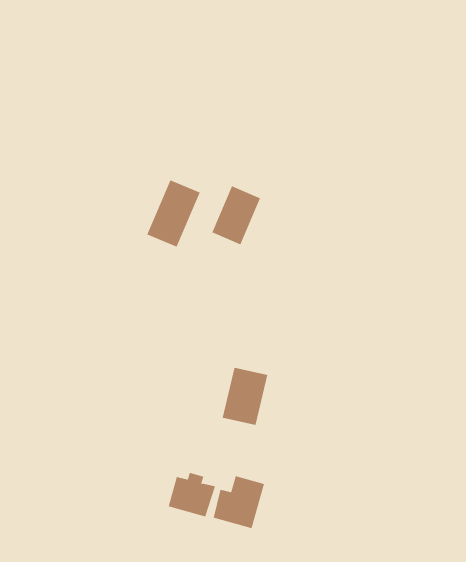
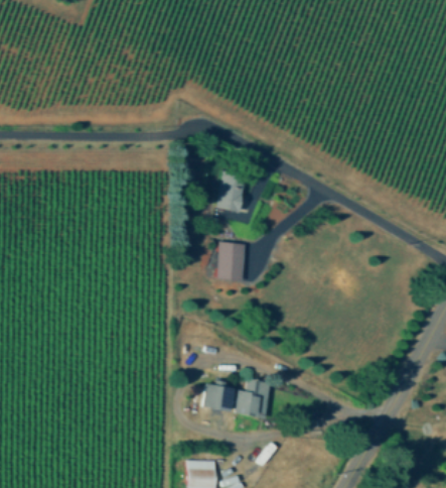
building: [147,179,200,248] -> none
building: [222,367,268,425] -> [215,241,246,281]

